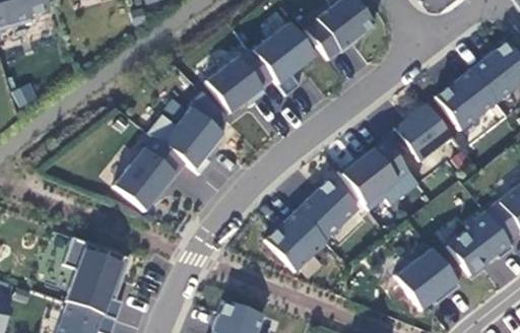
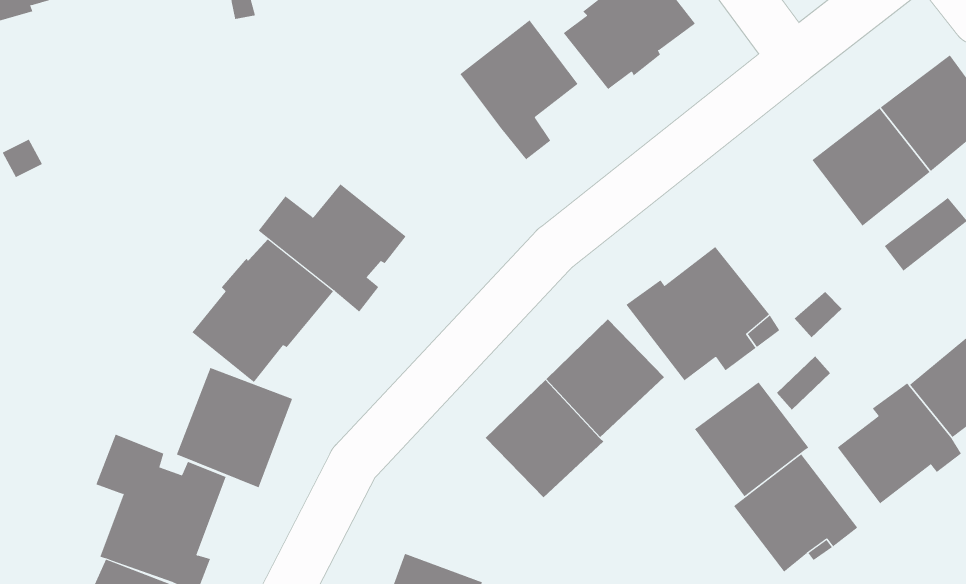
building: [204,49,273,114] -> none
building: [394,103,452,160] -> none
building: none -> [176,367,293,488]
building: none -> [694,381,809,497]

